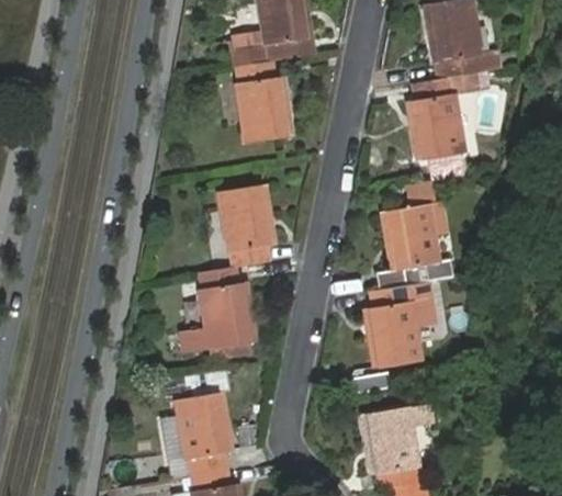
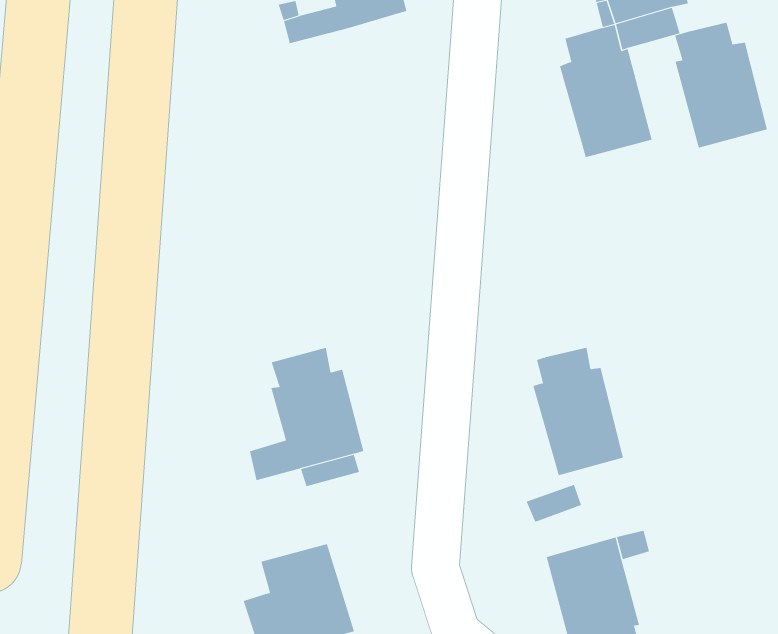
building: [233,60,290,143] -> none
building: none -> [674,22,767,148]
building: [222,183,274,266] -> none
building: [374,204,452,289] -> none

